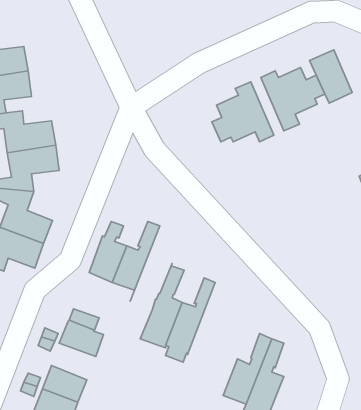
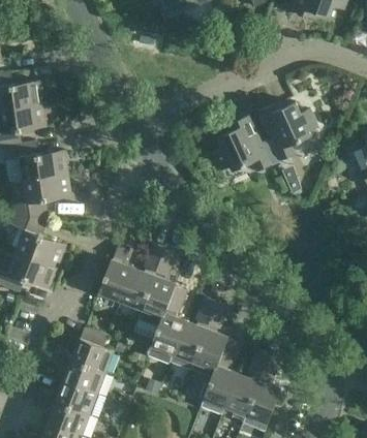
building: [309,50,352,103] -> none
building: none -> [136,250,176,328]
building: none -> [190,303,239,414]
building: none -> [63,359,104,394]

